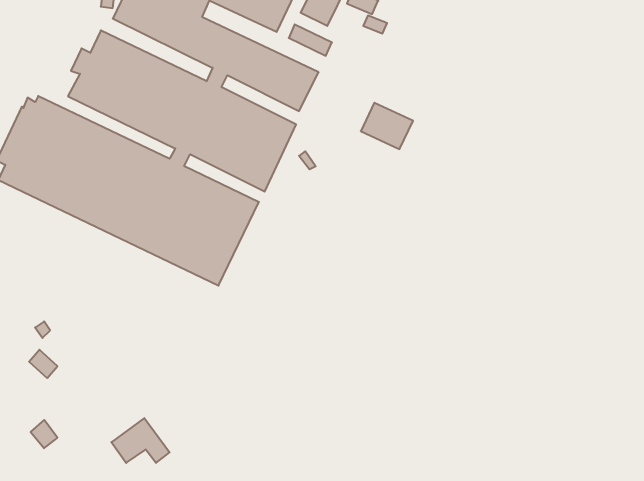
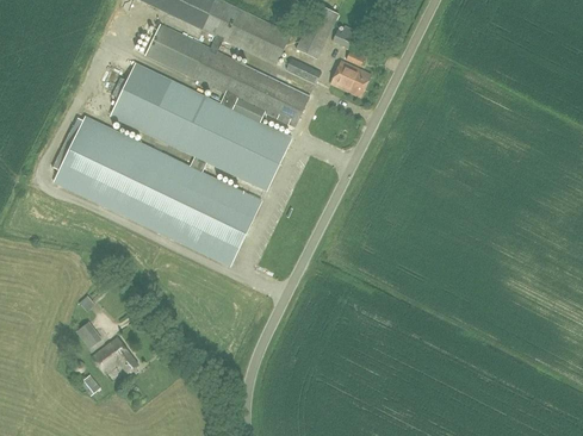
building: [361,103,413,149] -> [330,61,372,98]
building: [111,418,170,463] -> [92,338,138,374]

